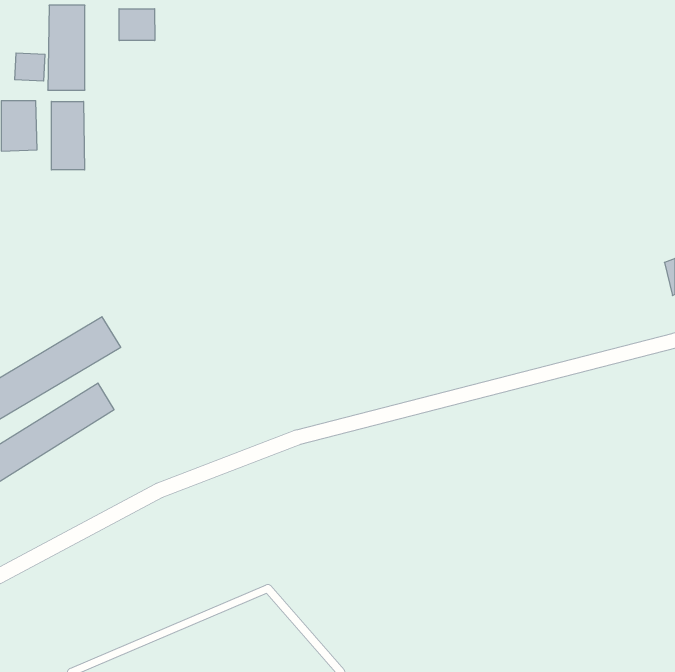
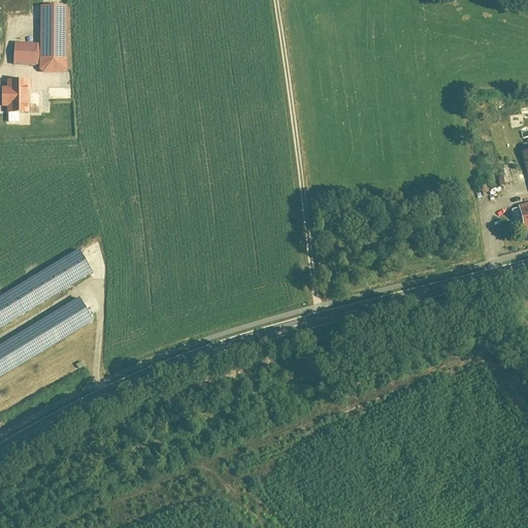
building: [119,9,155,41] -> none
building: [51,101,85,170] -> none

